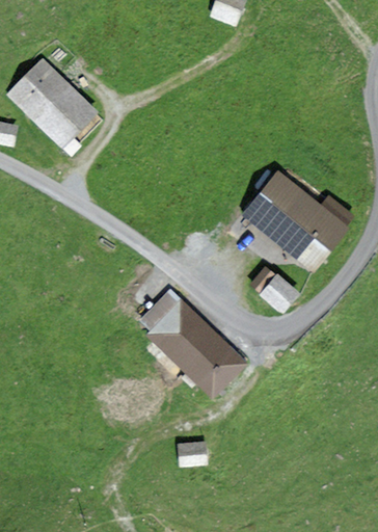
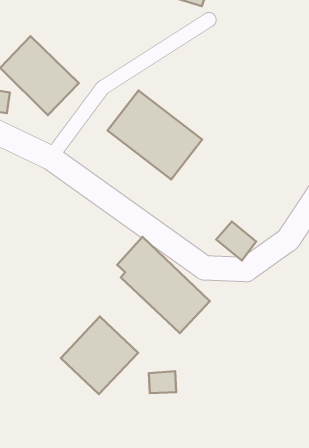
building: [242,169,350,271] -> [108,91,202,180]
building: none -> [61,317,138,394]

